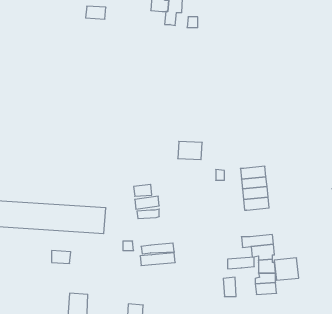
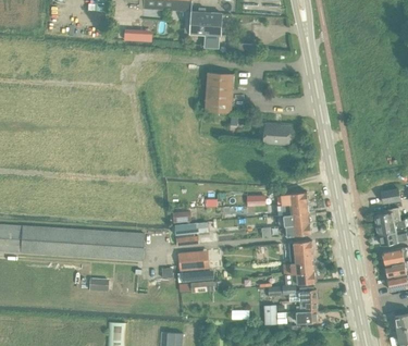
building: none -> [206,72,235,112]
building: [178,141,202,160] -> [265,124,290,143]
building: none -> [178,250,210,271]
building: [274,258,299,280] -> [289,240,314,263]

